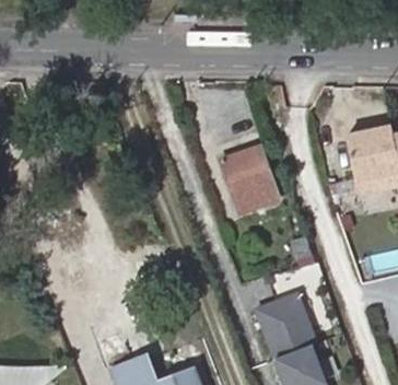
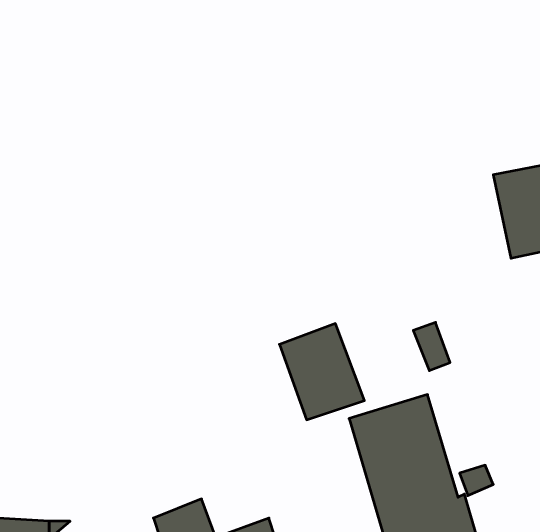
building: [223,148,281,213] -> [279,324,364,420]

